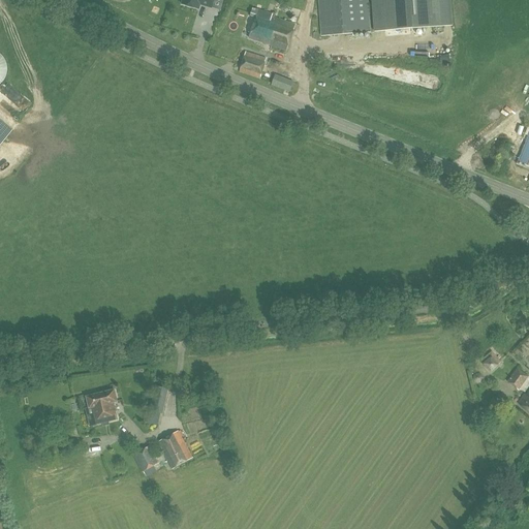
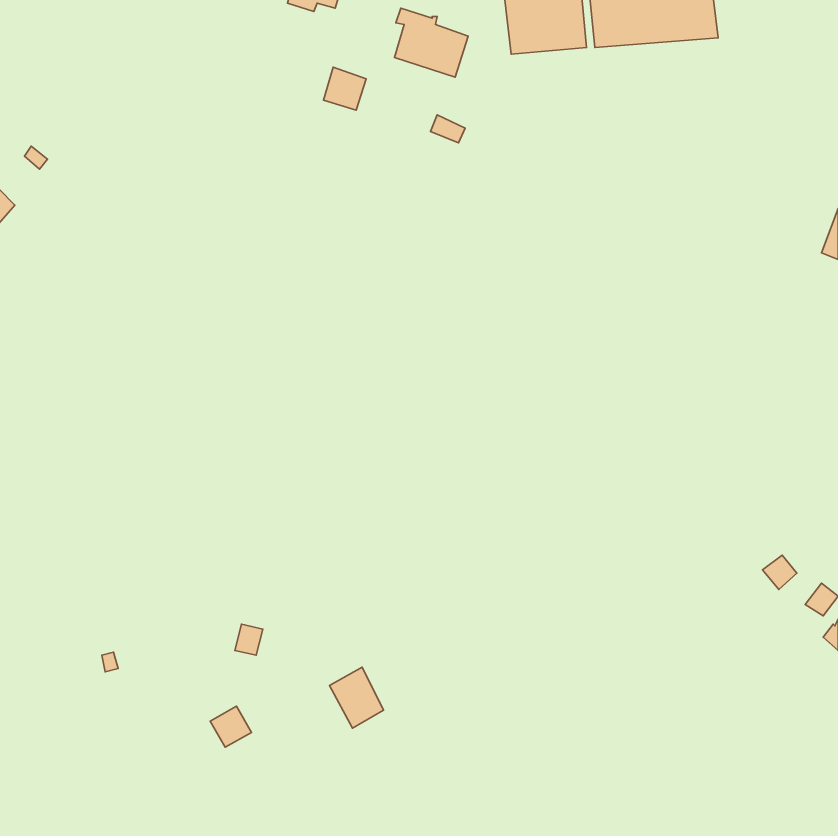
building: [239,50,266,76] -> [323,67,366,110]
building: [85,387,117,425] -> none
building: [157,429,191,467] -> [329,667,384,728]

